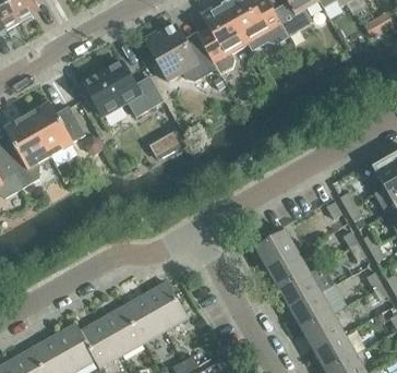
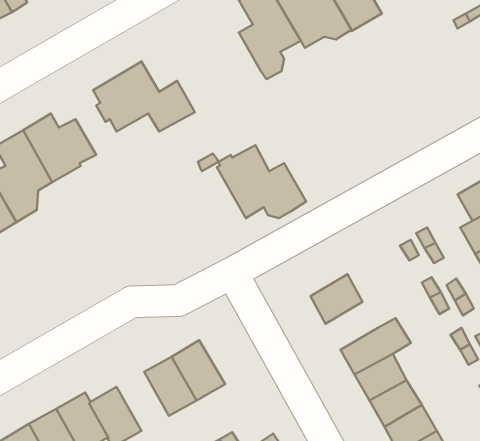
building: [145,23,216,81] -> [217,145,306,218]
building: [267,251,309,289] -> none
building: [101,306,143,353] -> none

